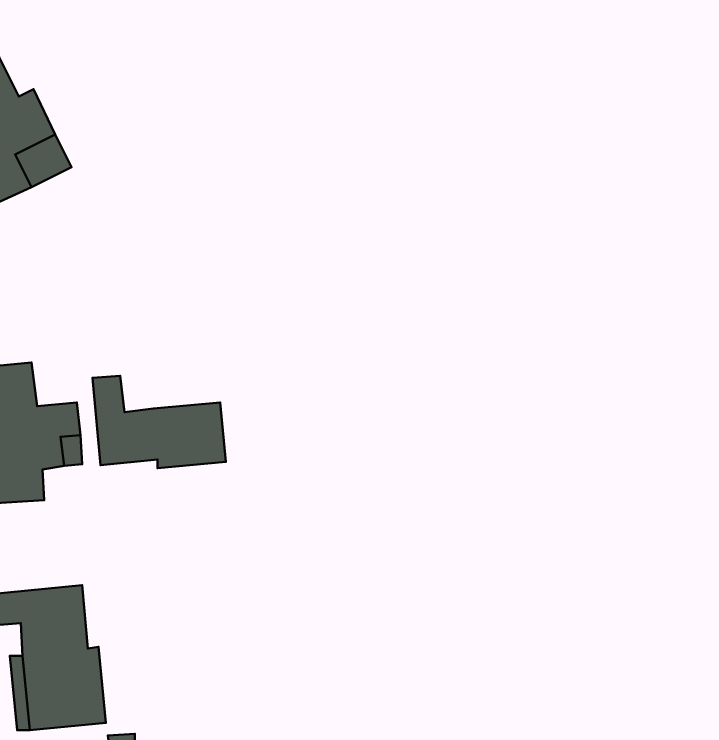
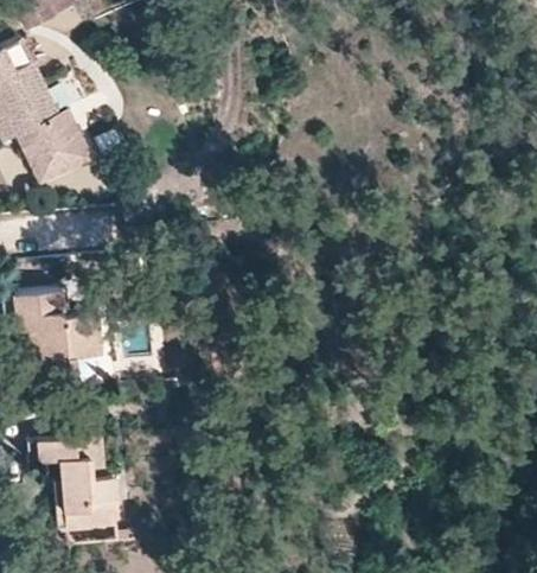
building: [92,376,226,468] -> none

